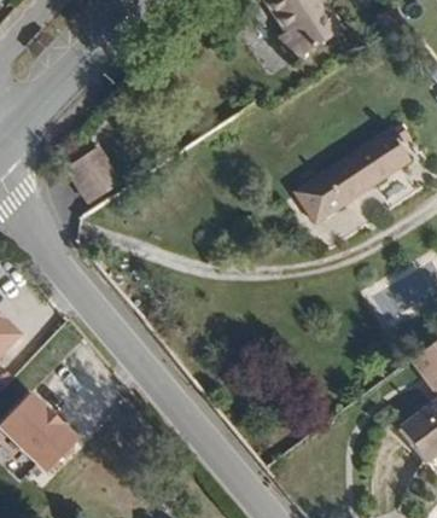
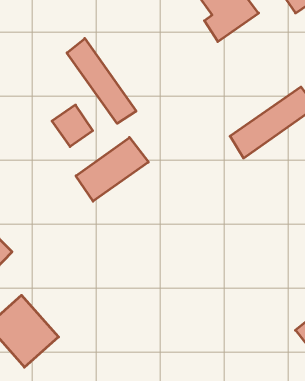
building: none -> [67,38,136,123]
building: none -> [76,137,148,201]

